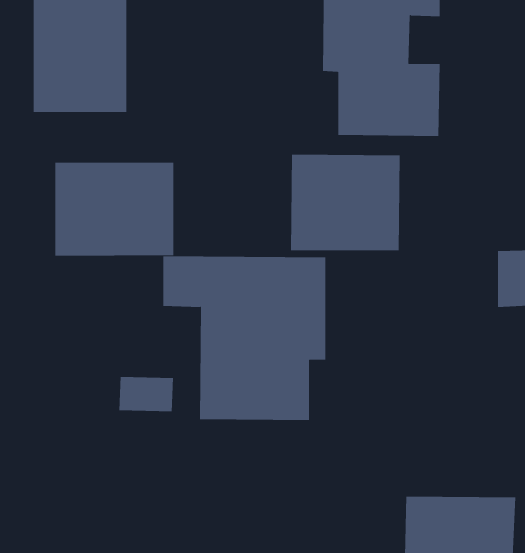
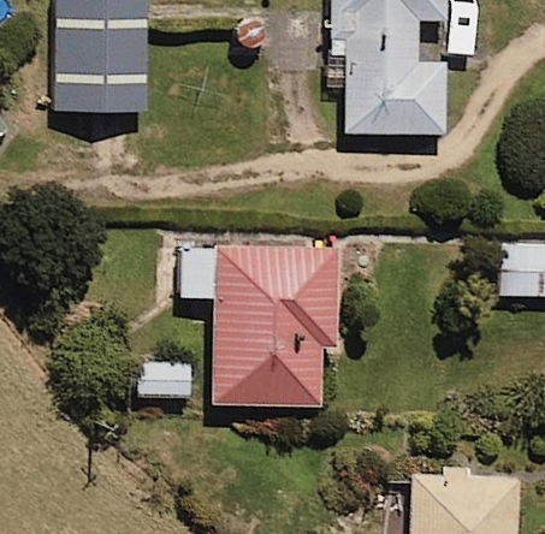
building: [291,154,400,251] -> none
building: [55,162,174,257] -> none

